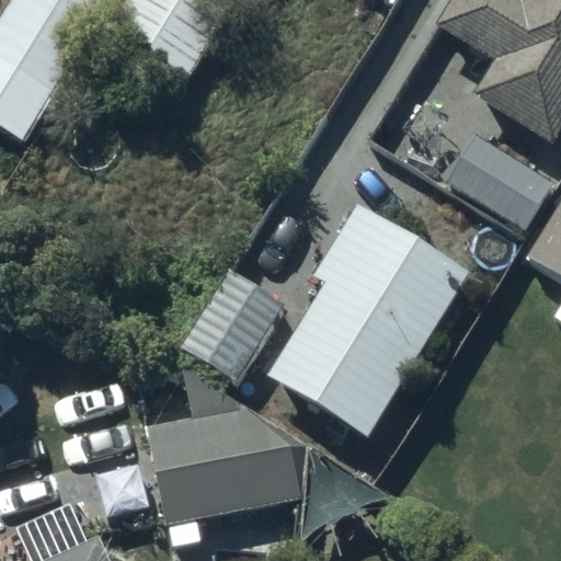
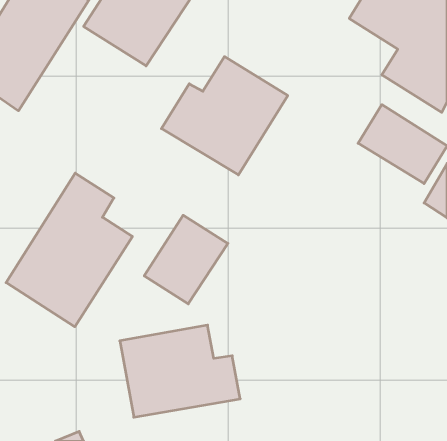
building: none -> [161,57,288,175]
building: [270,204,471,437] -> none
building: none -> [6,173,132,327]

